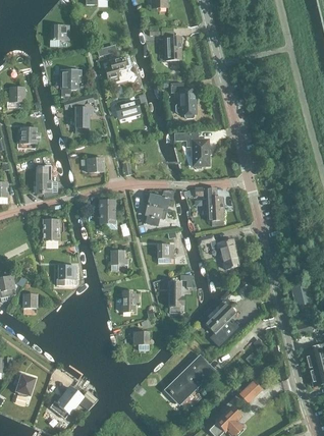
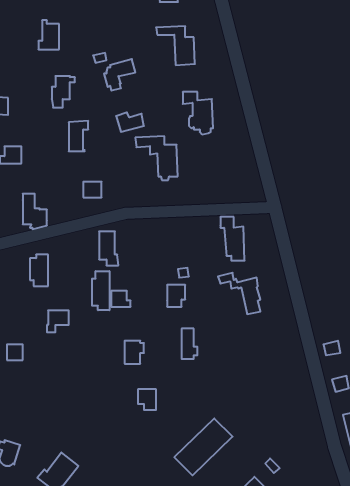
building: [173,131,209,168] -> [135,136,178,180]
building: [144,194,168,226] -> none
building: none -> [92,271,109,310]
building: [204,303,234,345] -> none

